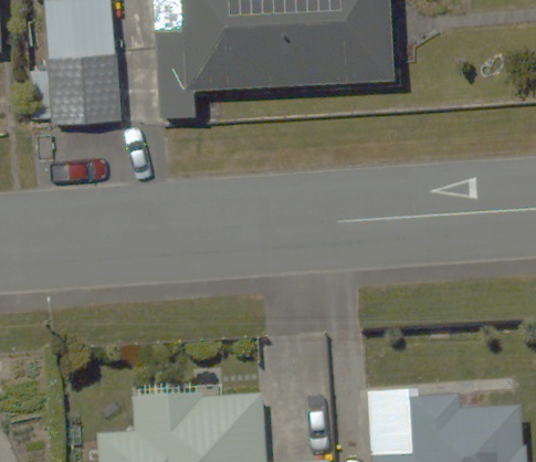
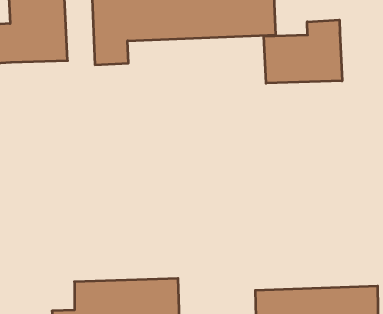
building: none -> [264,20,342,83]

